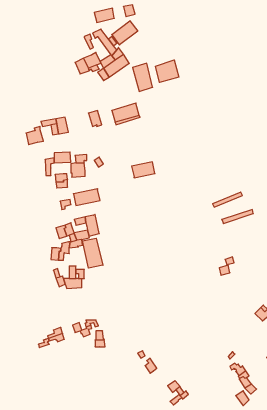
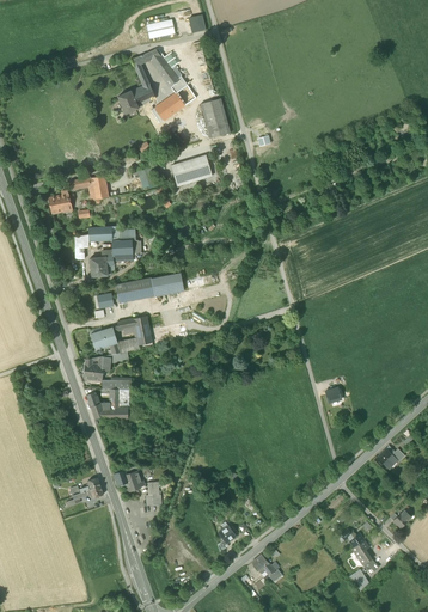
building: [112,21,138,45] -> none
building: [155,60,179,82] -> none
building: [132,162,155,178] -> [151,274,184,296]
building: [82,238,103,268] -> none

